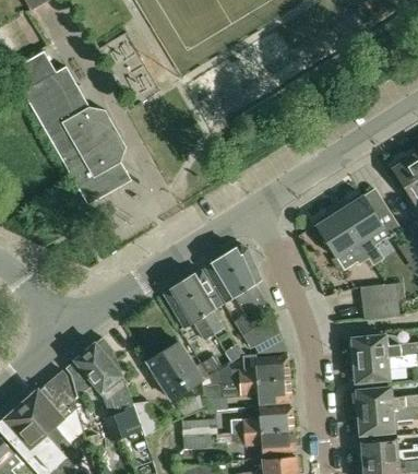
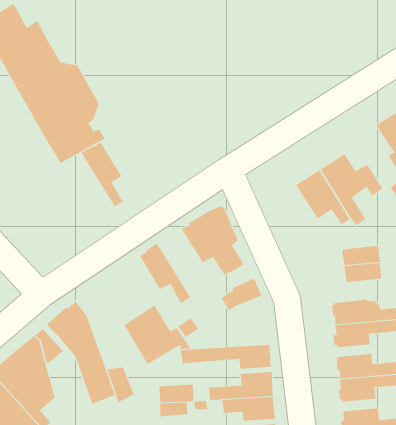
building: [181,271,223,334] -> [81,142,123,207]
building: [208,356,290,384] -> none

